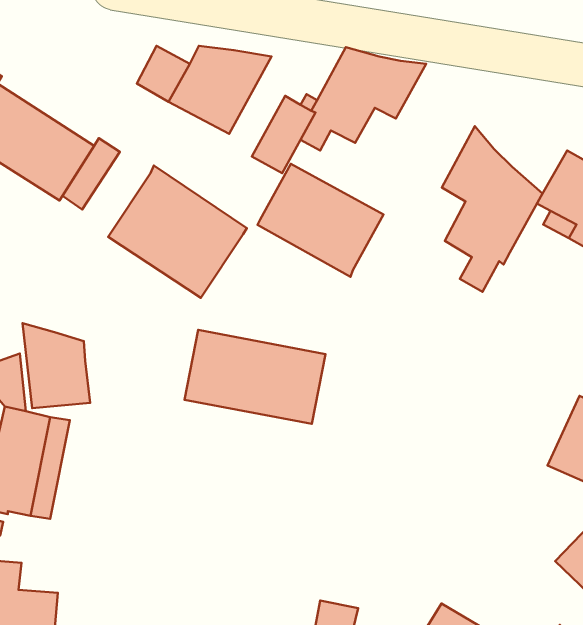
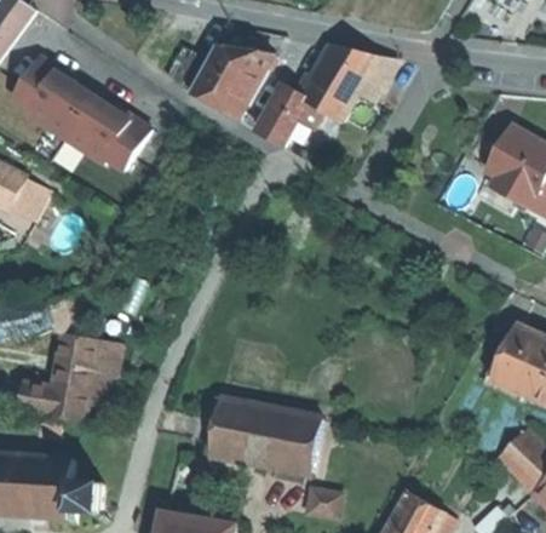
building: [442,126,542,292] -> none
building: [257,164,383,277] -> none
building: [108,166,247,298] -> none
building: [23,323,90,408] -> none
building: [185,330,326,424] -> [208,396,321,471]

